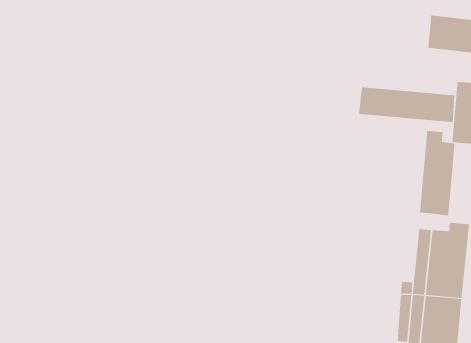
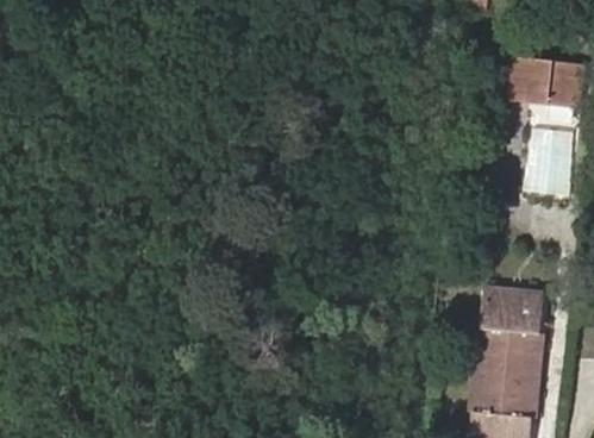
building: [358,87,455,123] -> none
building: [419,130,455,216] -> none

